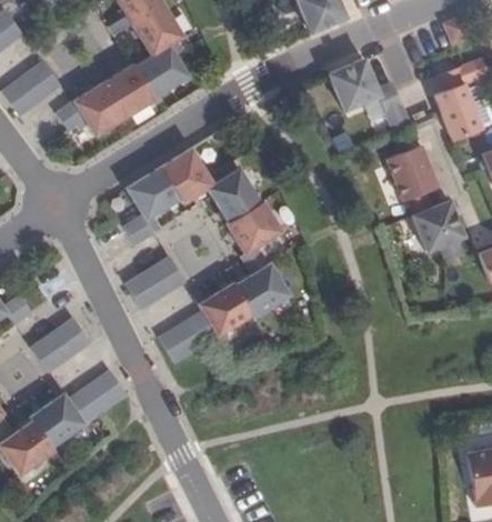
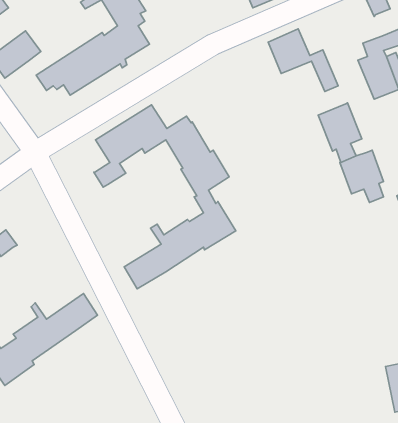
building: [125,254,185,309] -> none
building: [30,317,92,372] -> none

